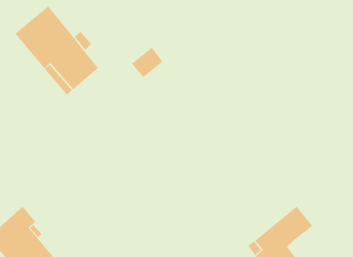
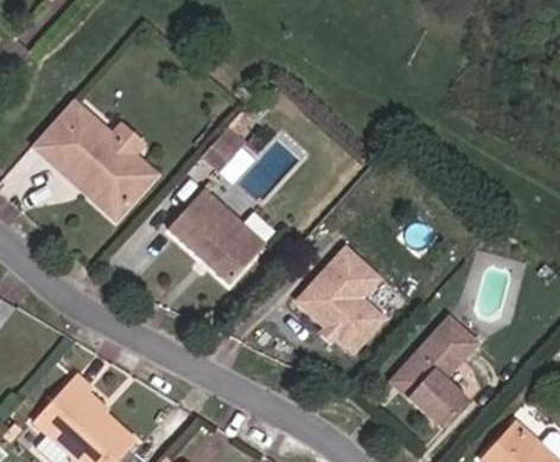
building: none -> [168,192,263,282]
building: none -> [303,251,383,352]

